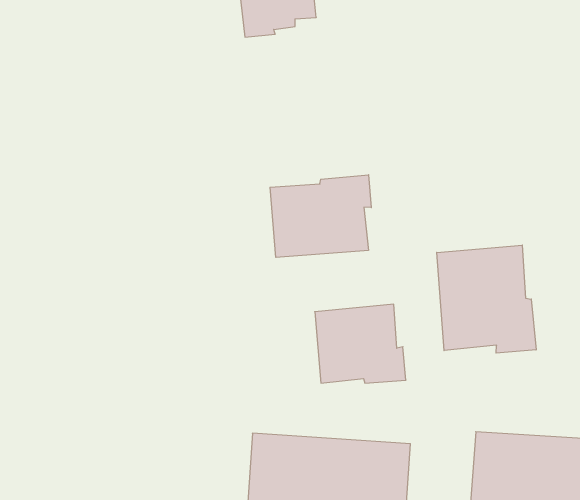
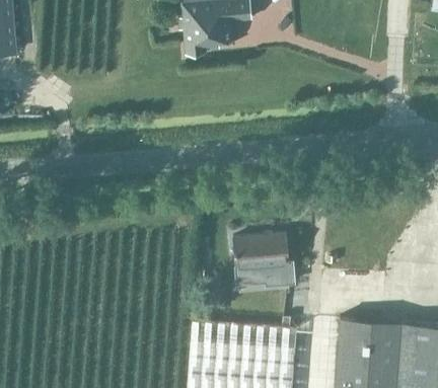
building: [270,175,371,257] -> none
building: [437,245,536,353] -> none

